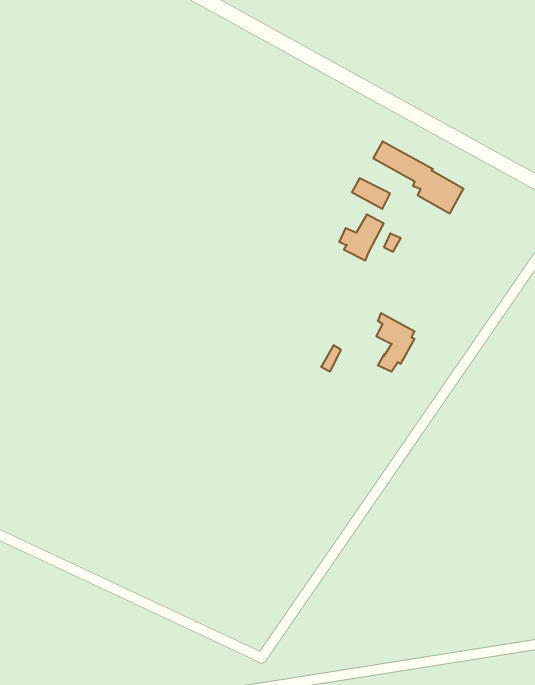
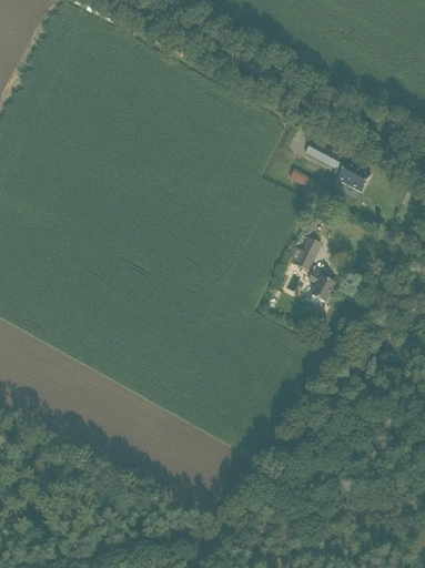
building: [339,214,384,260] -> [289,237,321,271]

